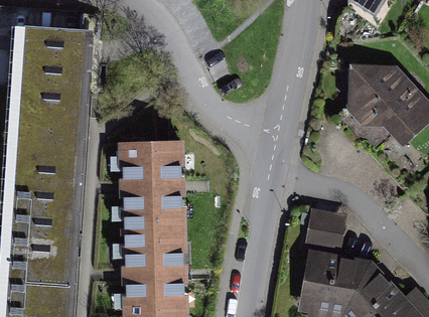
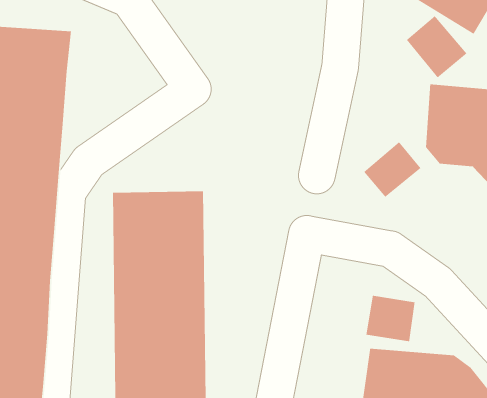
building: none -> [406,15,468,79]
building: none -> [363,141,422,198]

